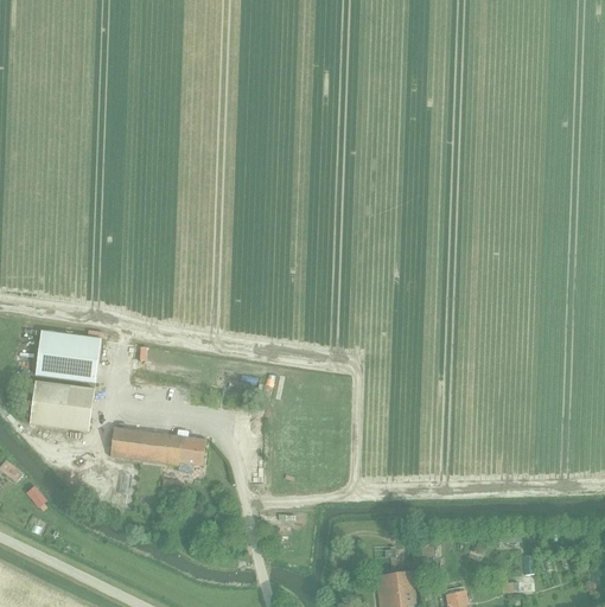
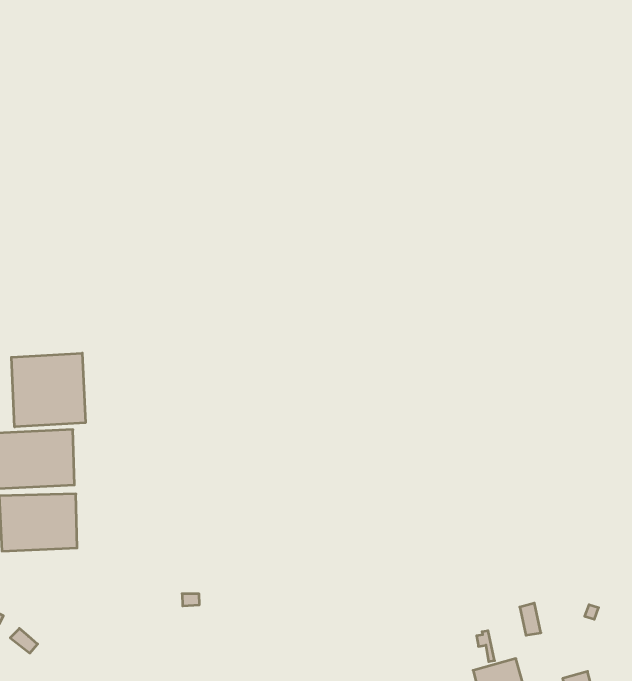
building: none -> [11,353,85,427]
building: [109,428,205,465] -> none

